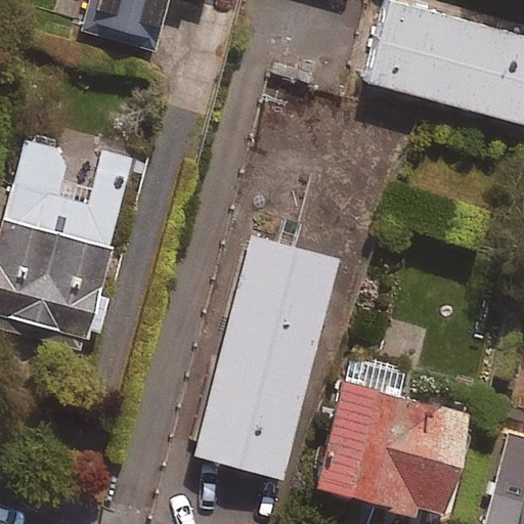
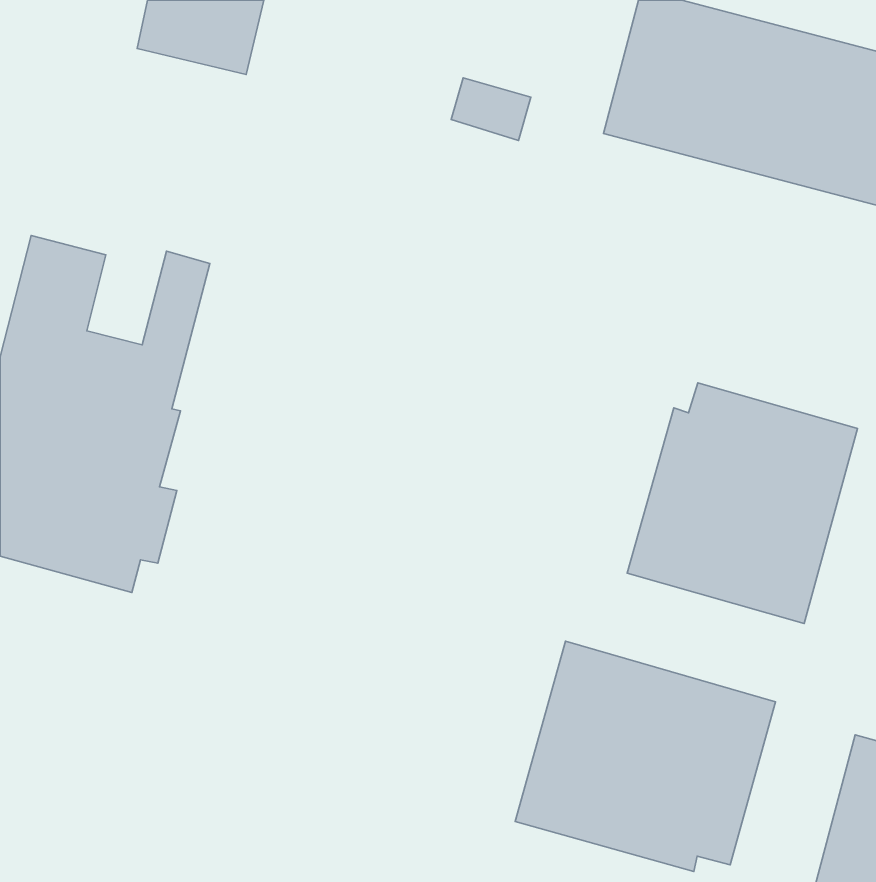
building: none -> [627,383,858,624]
building: [194,238,338,478] -> none

